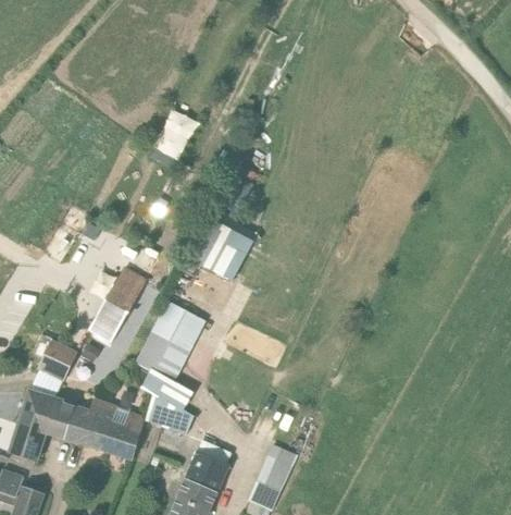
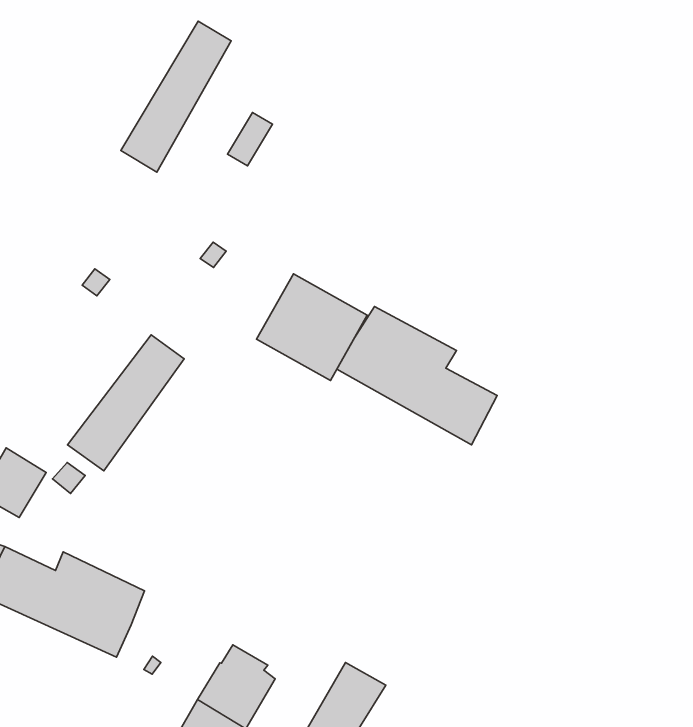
building: none -> [121,21,231,172]
building: none -> [337,306,497,445]
building: [135,301,204,436] -> none

